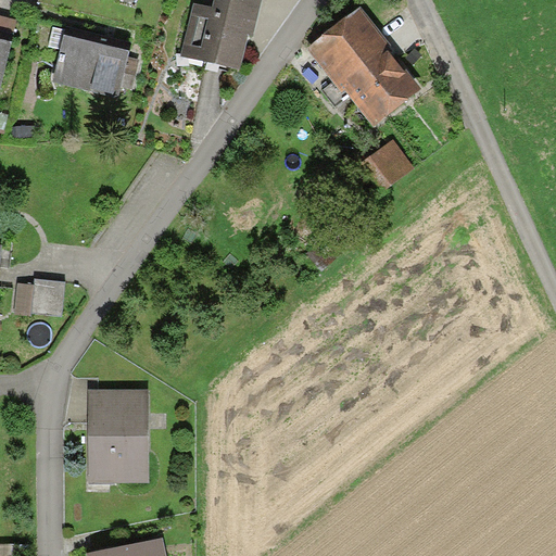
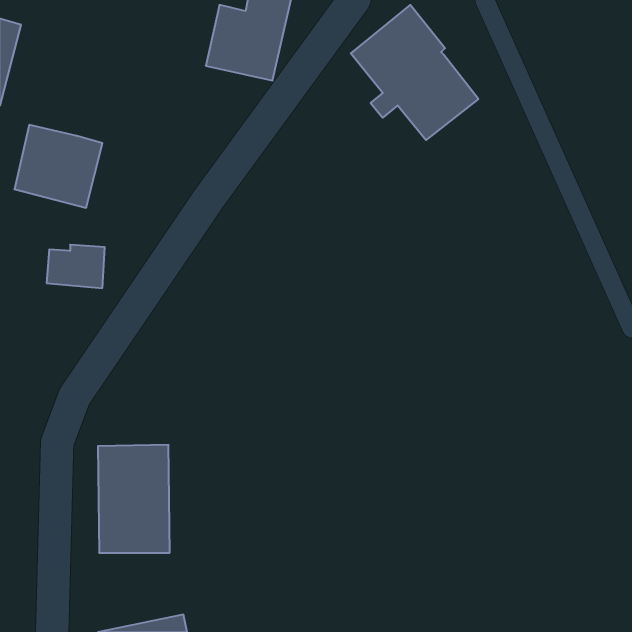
building: [53,26,130,99] -> [14,125,102,208]
building: [368,139,415,185] -> none
building: [13,278,64,316] -> [47,245,105,288]

